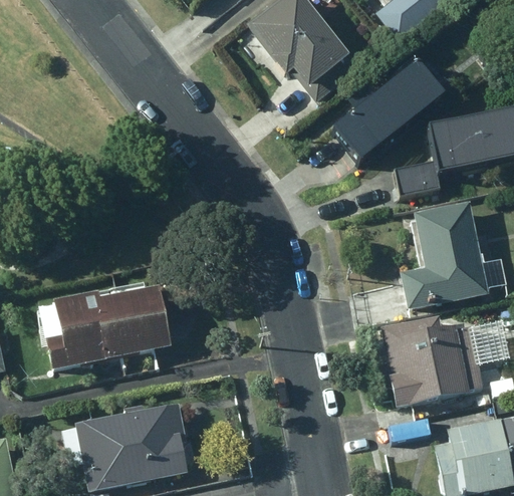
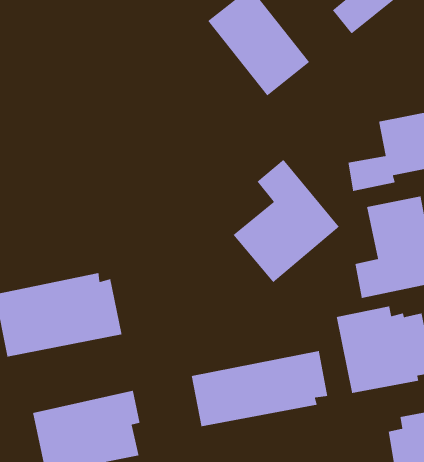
building: [333,56,454,171] -> none
building: none -> [233,159,340,283]
building: none -> [191,350,328,427]

